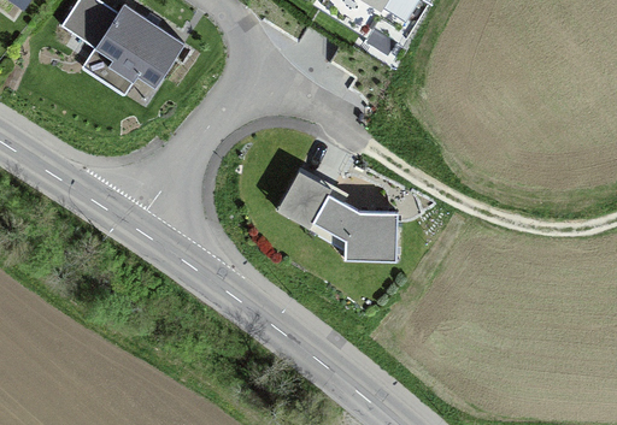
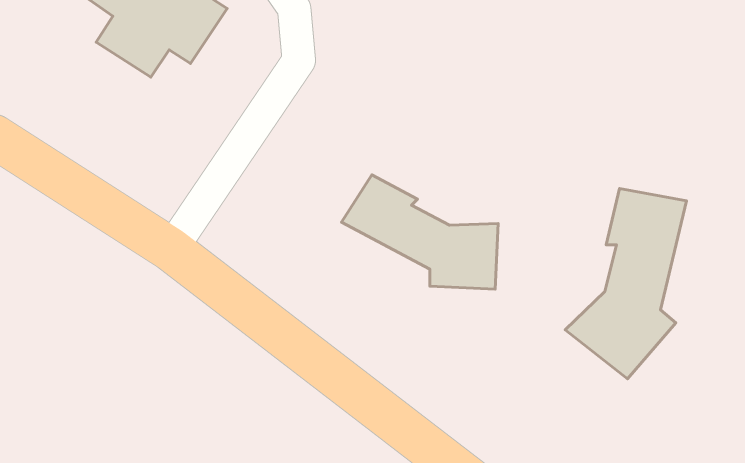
building: none -> [565,189,687,379]

